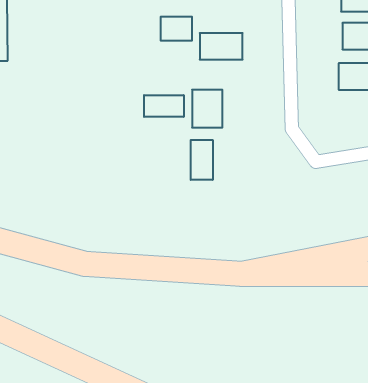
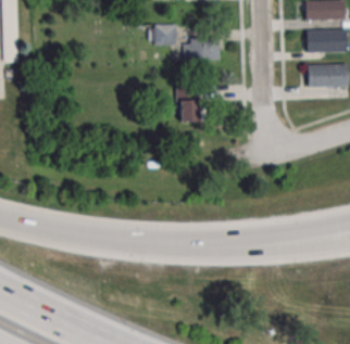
building: [144,95,184,117] -> none
building: [191,140,213,180] -> none

